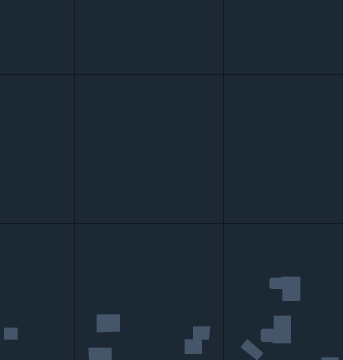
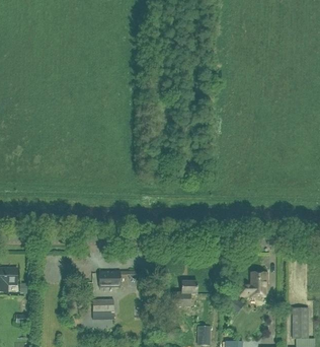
building: [269,276,301,302] -> none

